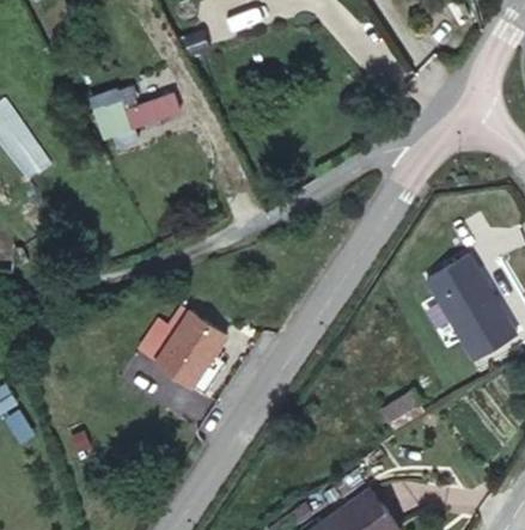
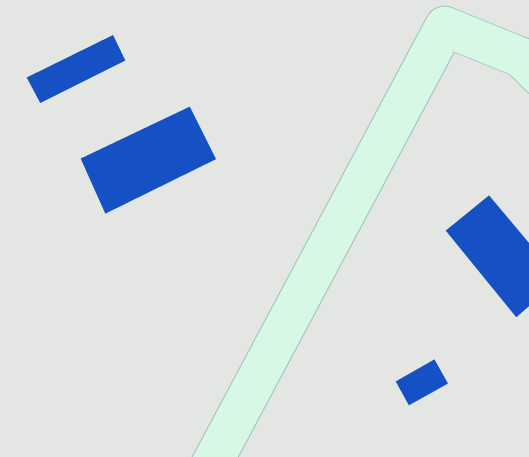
building: none -> [79,106,217,215]
building: [155,311,224,385] -> none

